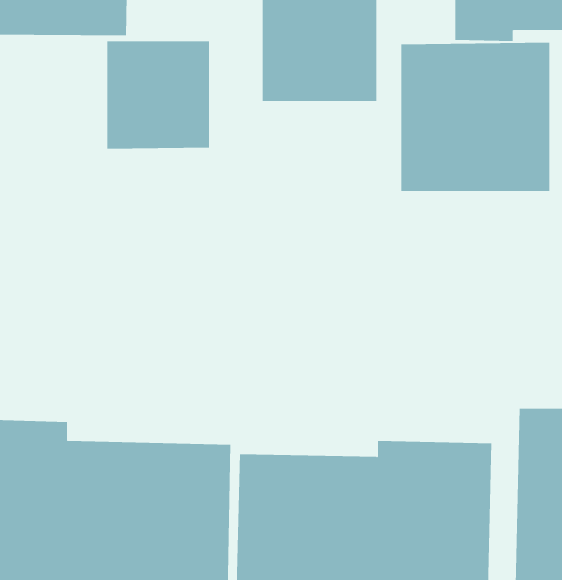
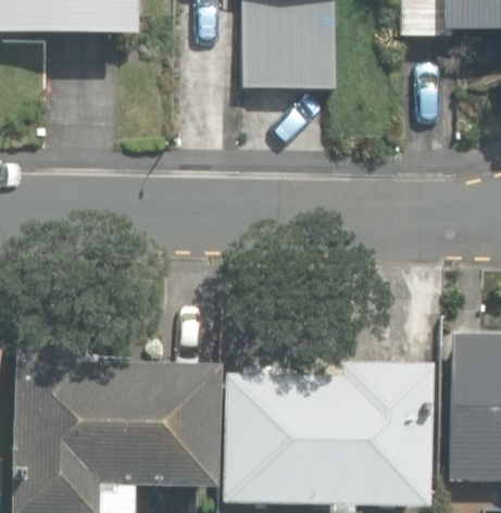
building: [107,41,209,149] -> none
building: [401,42,550,192] -> none

